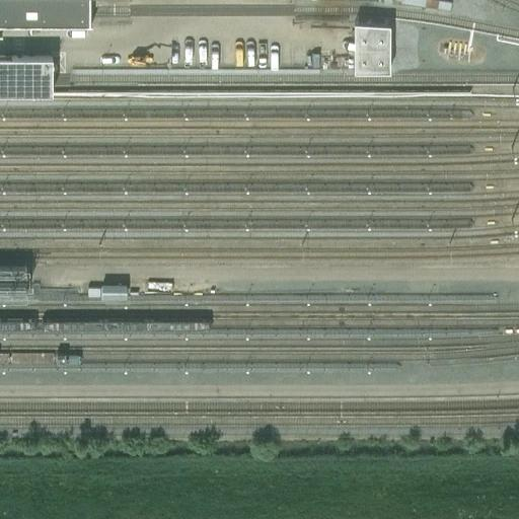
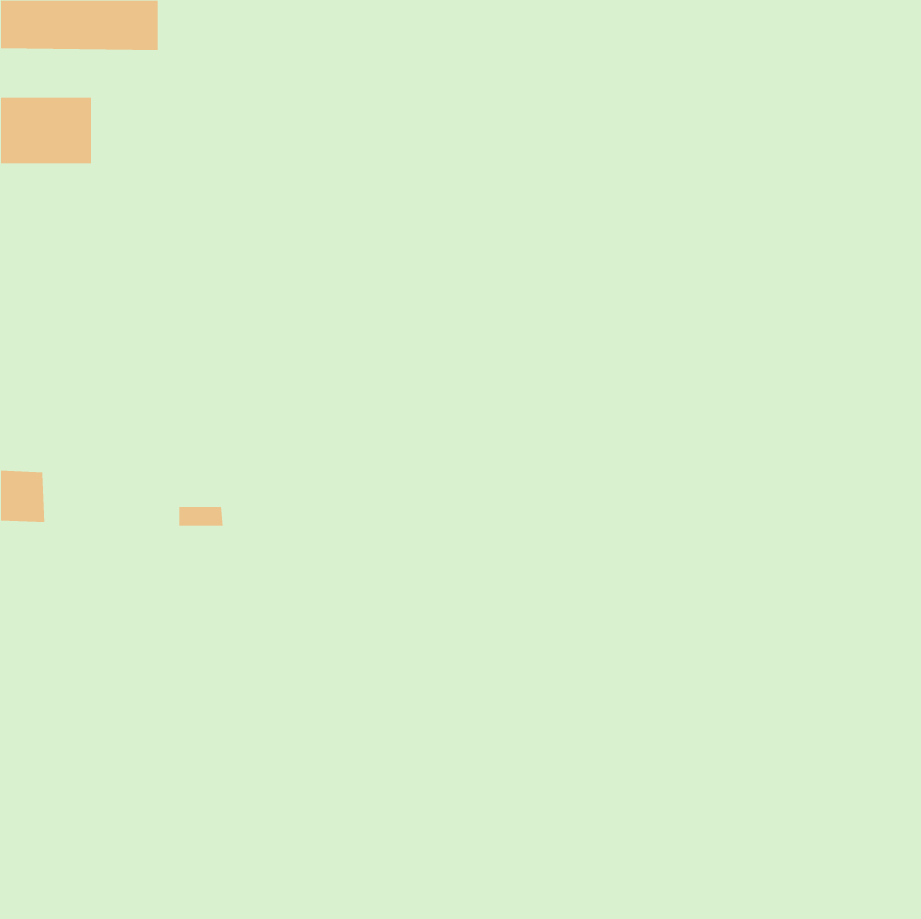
building: [354,20,391,69] -> none

